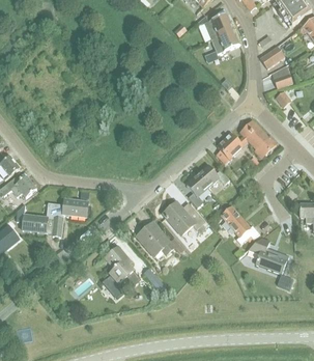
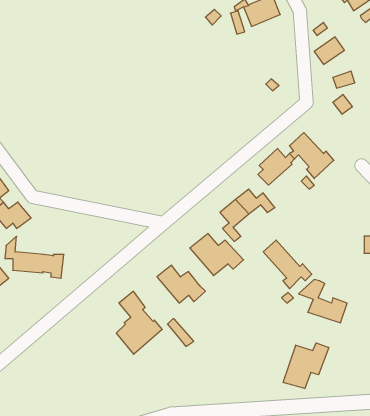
building: [210,28,239,53] -> none
building: [47,199,87,219] -> none
building: none -> [283,343,329,389]

